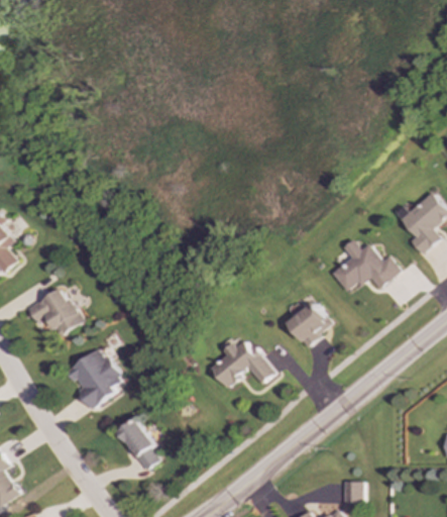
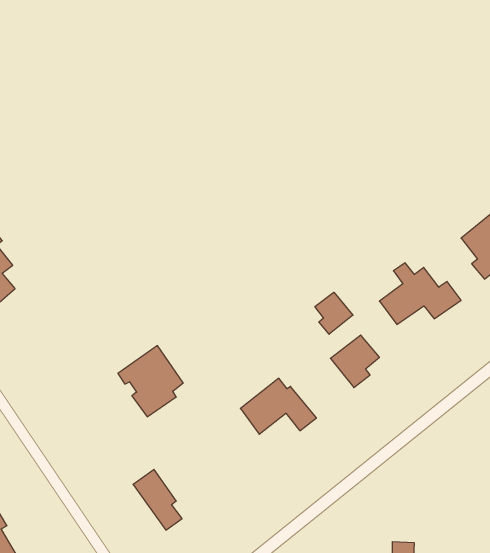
building: none -> [315,292,353,334]
building: [27,287,82,334] -> none
building: [66,346,122,408] -> [118,346,183,417]

